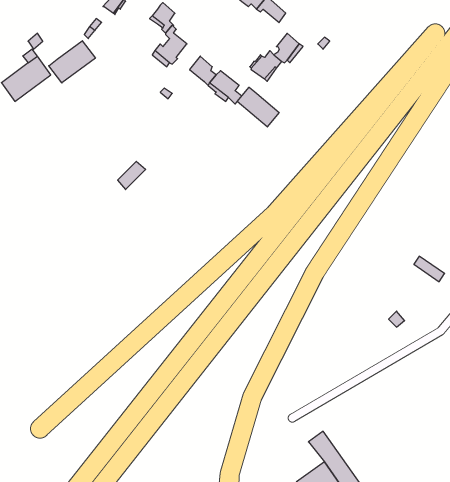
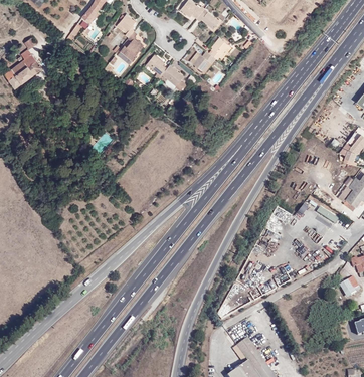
building: [49,41,95,83] -> none
building: [237,87,279,127] -> none

